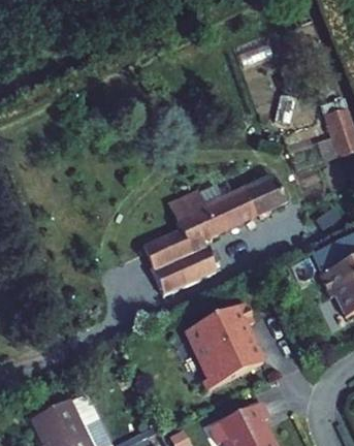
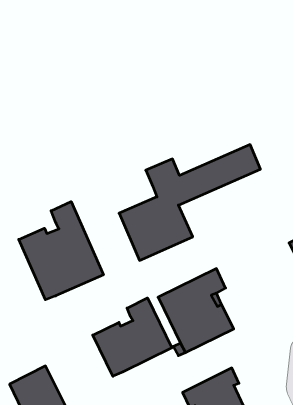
building: none -> [19,202,103,300]
building: none -> [93,298,172,376]

